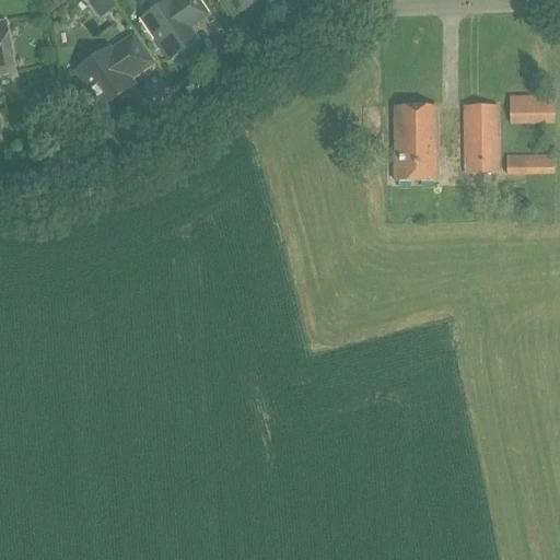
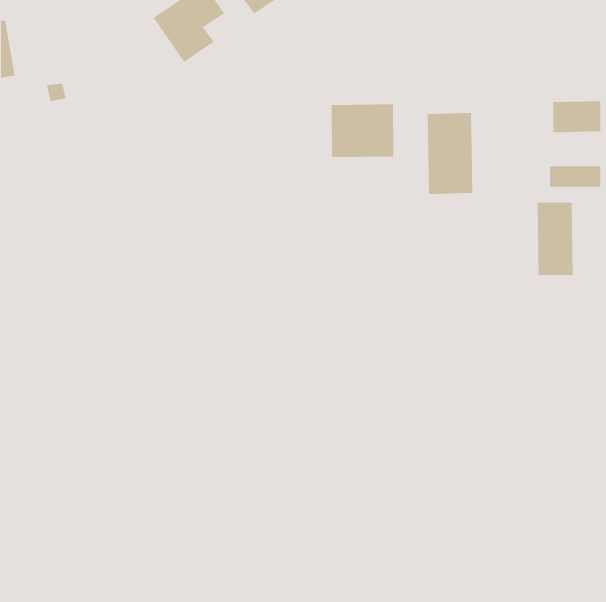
building: [78,36,149,104] -> none
building: none -> [331,103,394,158]
building: [464,104,498,172] -> [537,202,574,276]

